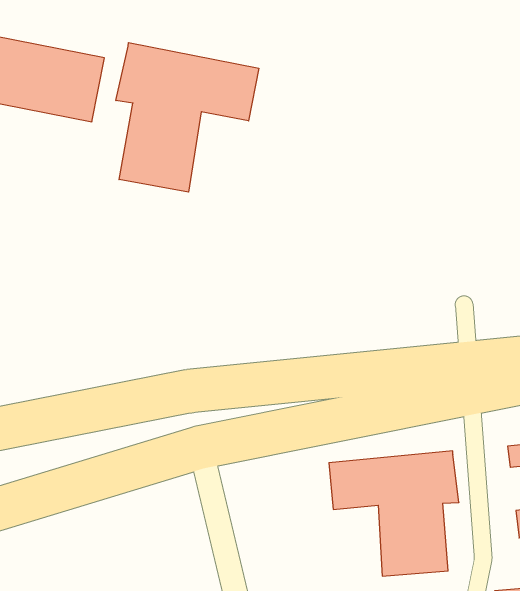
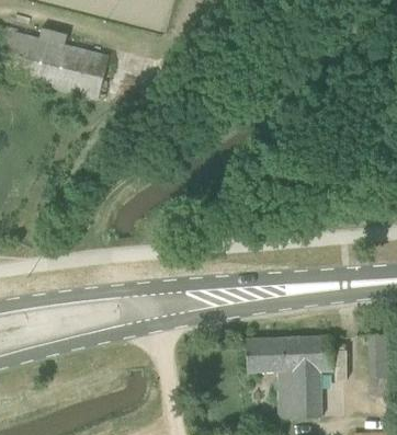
building: [116,43,259,192] -> none

